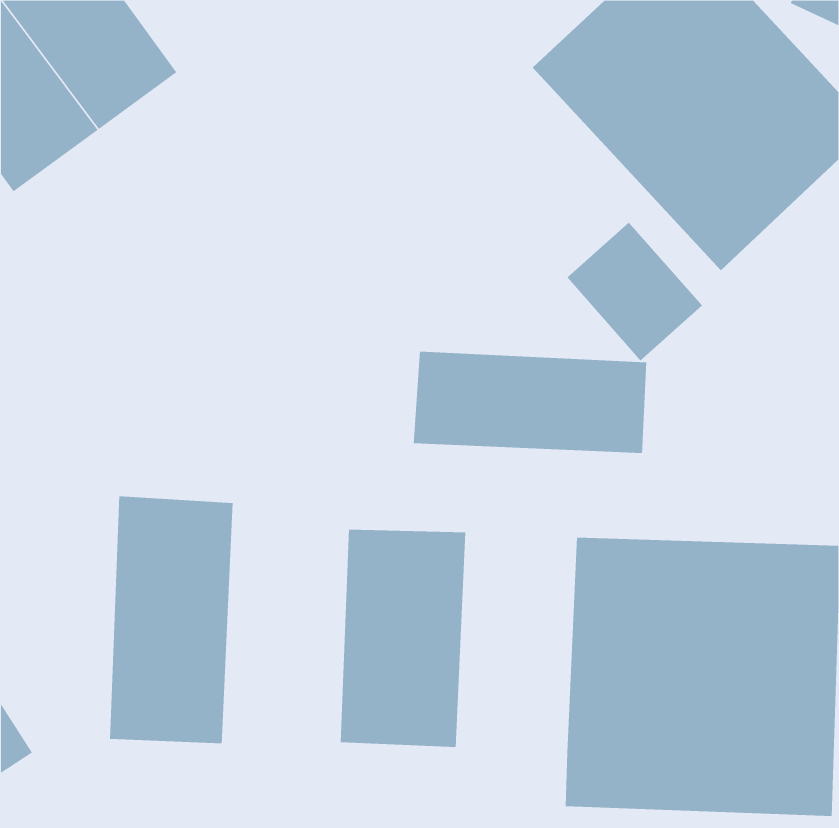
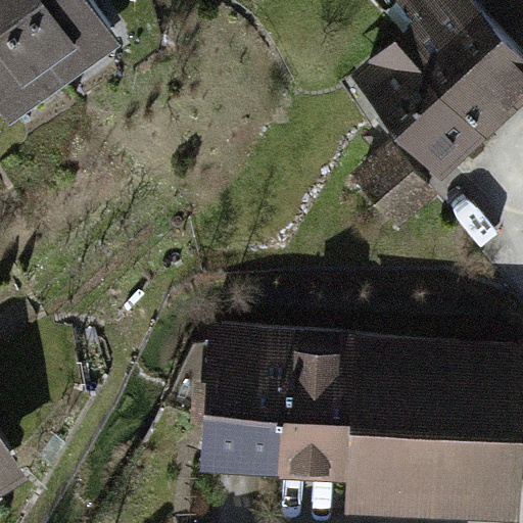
building: [413,351,647,454] -> none
building: [109,496,233,744] -> none
building: none -> [284,338,359,475]

